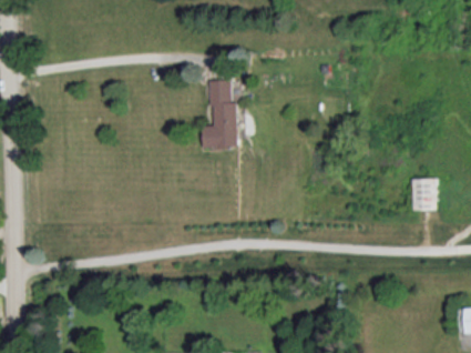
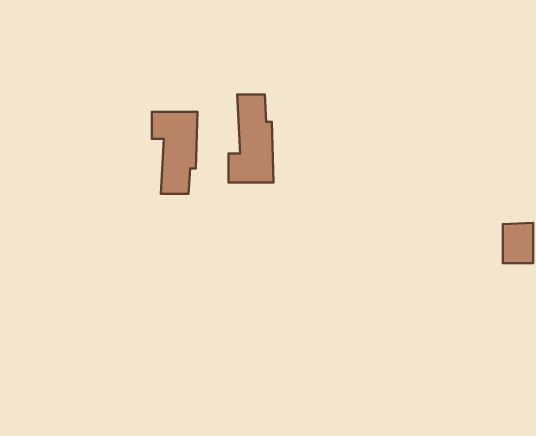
building: none -> [152,112,197,194]

